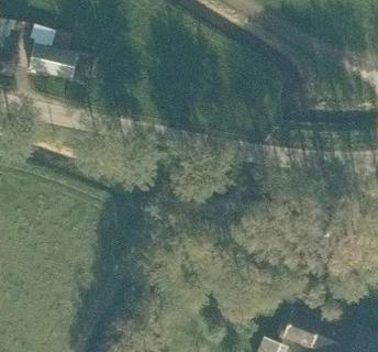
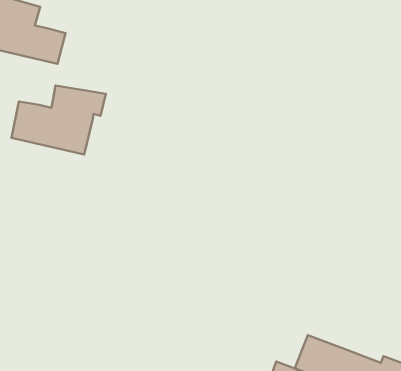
building: none -> [12,85,106,155]

